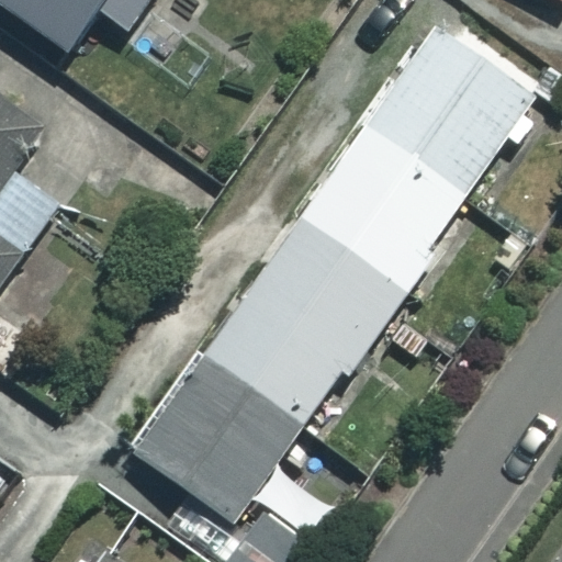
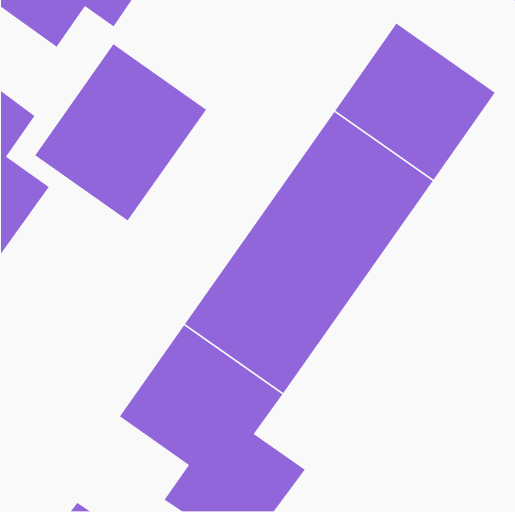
building: none -> [34,43,207,222]

